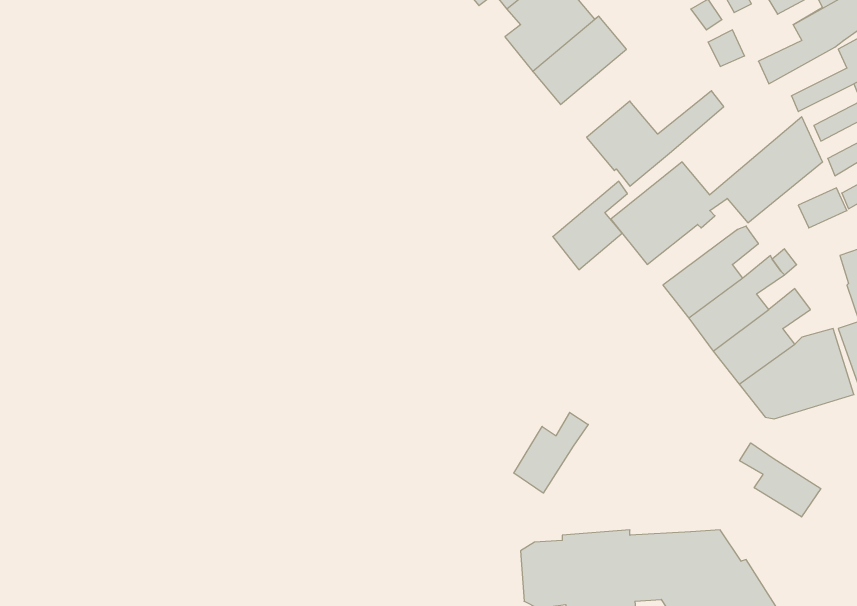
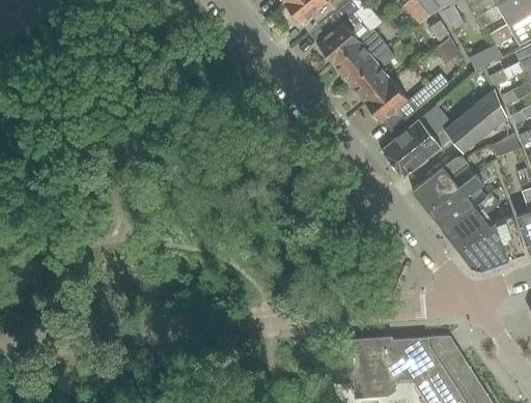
building: [553,181,627,270] -> [351,50,395,103]
building: [514,412,588,493] -> none
building: [740,443,821,517] -> none

